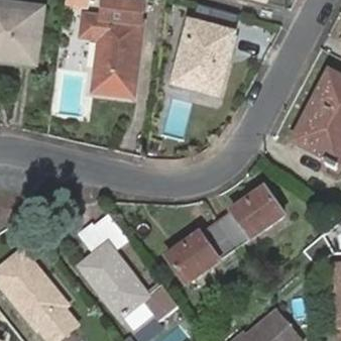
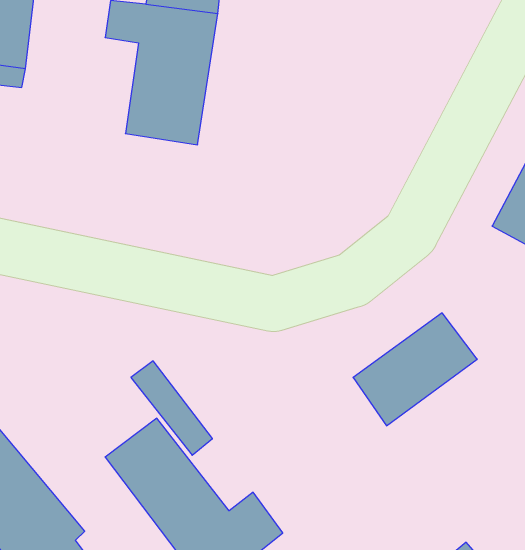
building: [173,21,234,94] -> none
building: [166,221,233,282] -> none

